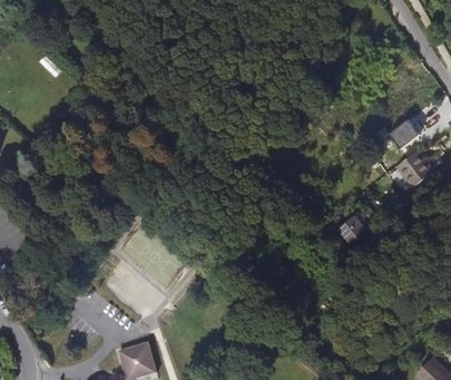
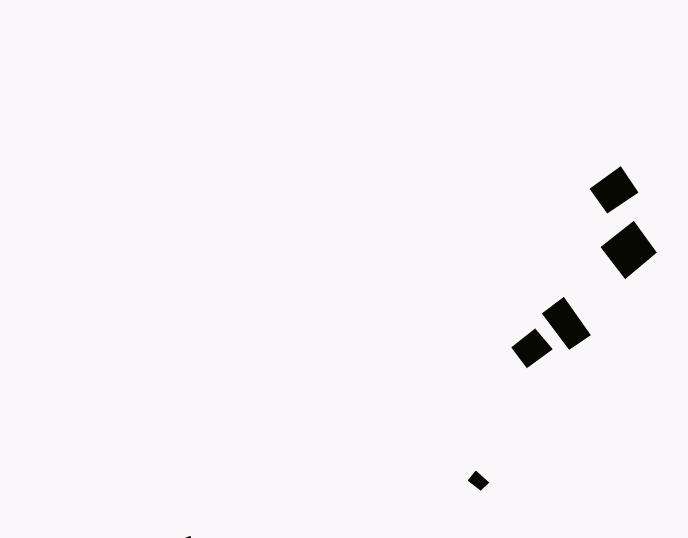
building: none -> [541,296,592,351]

